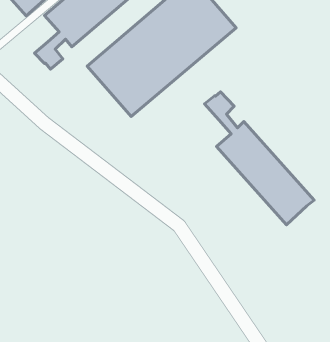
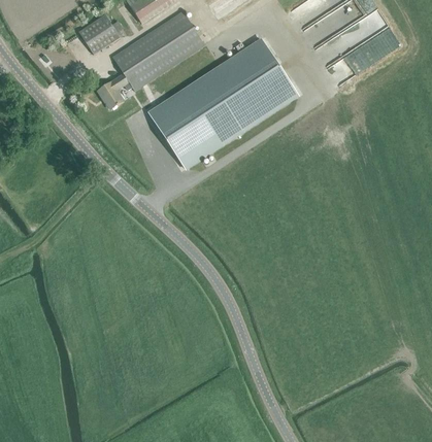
building: [204,92,314,225] -> none

